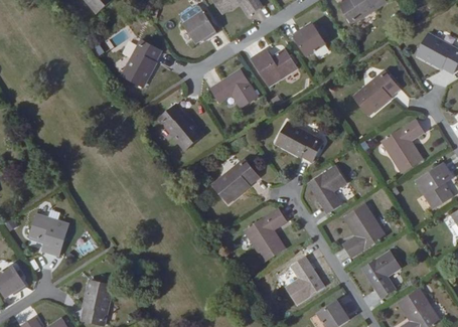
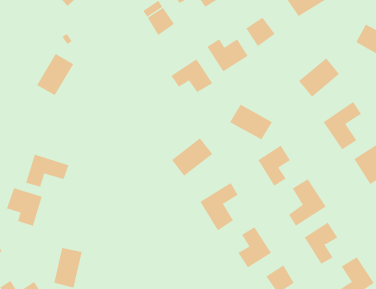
building: [122,38,164,86] -> [36,53,74,96]
building: [159,102,203,149] -> none
building: none -> [25,154,69,187]

